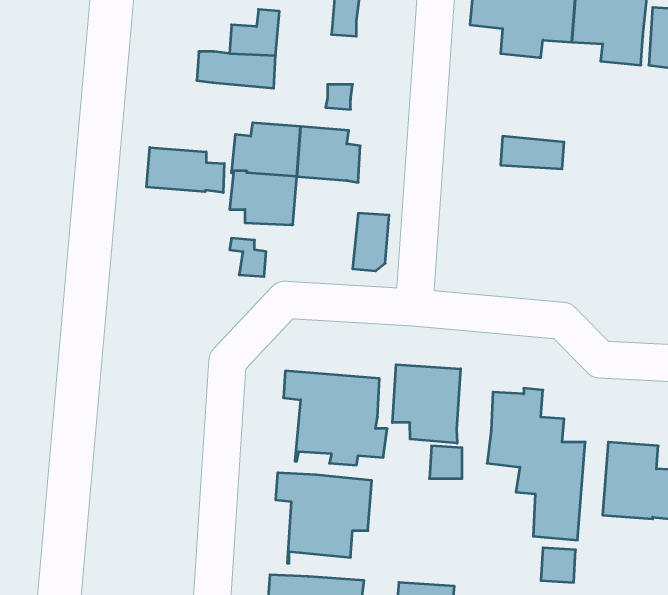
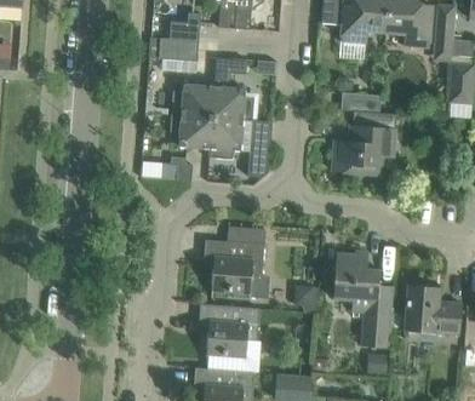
building: [147,147,224,193] -> none
building: none -> [208,118,244,160]
building: none -> [332,125,395,174]
building: [392,365,461,443] -> none

